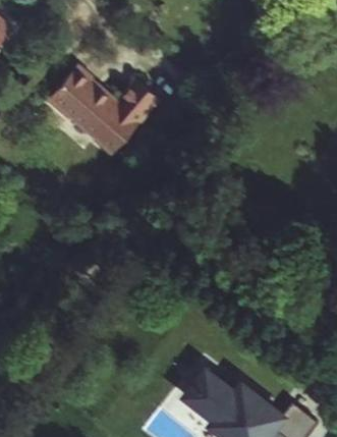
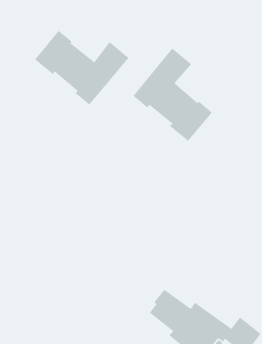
building: none -> [133,48,213,142]

